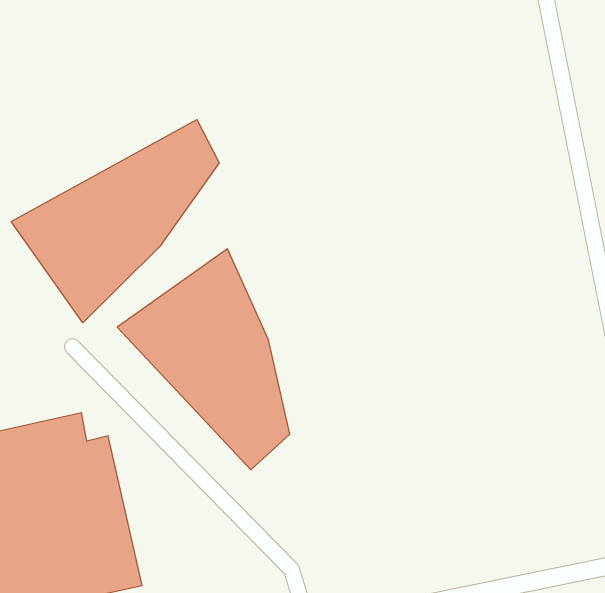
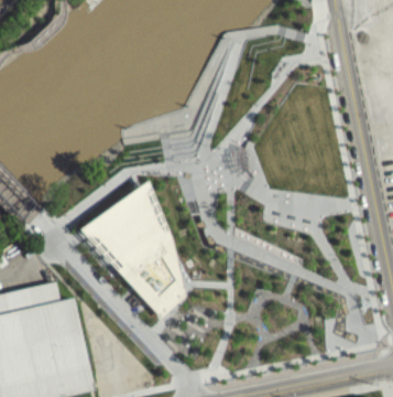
building: [11,120,219,323] -> none

